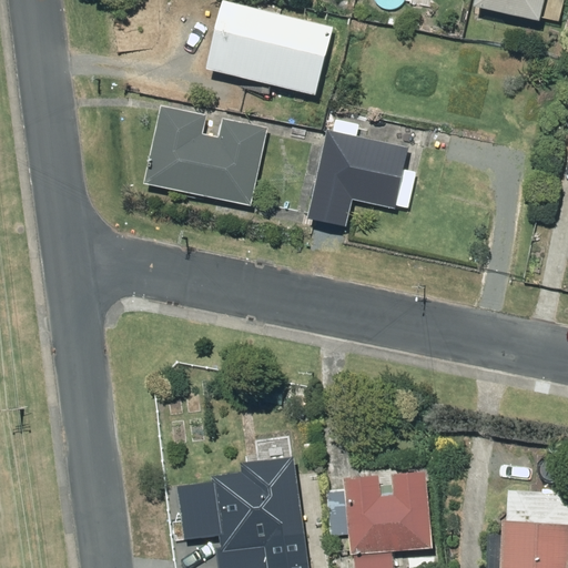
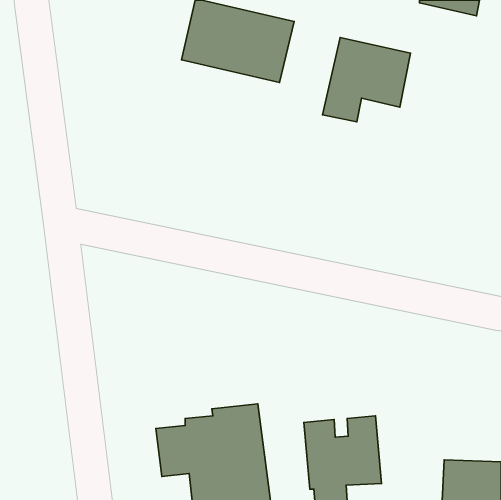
building: [143,105,267,205] -> none
building: [307,130,407,225] -> [322,37,411,122]

